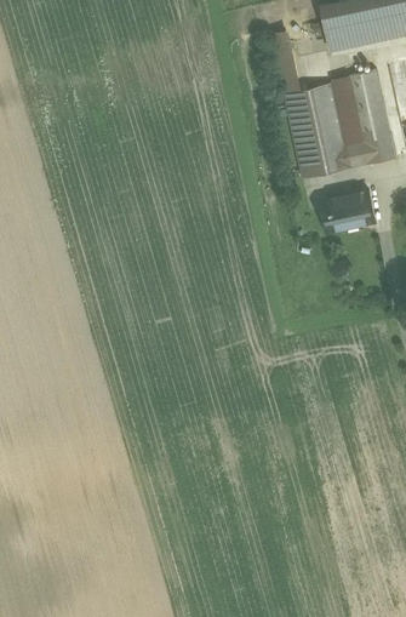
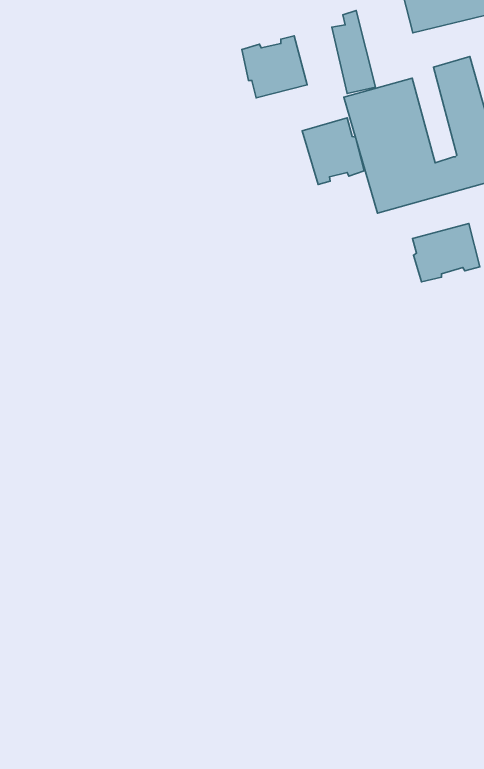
building: none -> [242,36,307,98]
building: none -> [302,118,364,184]

